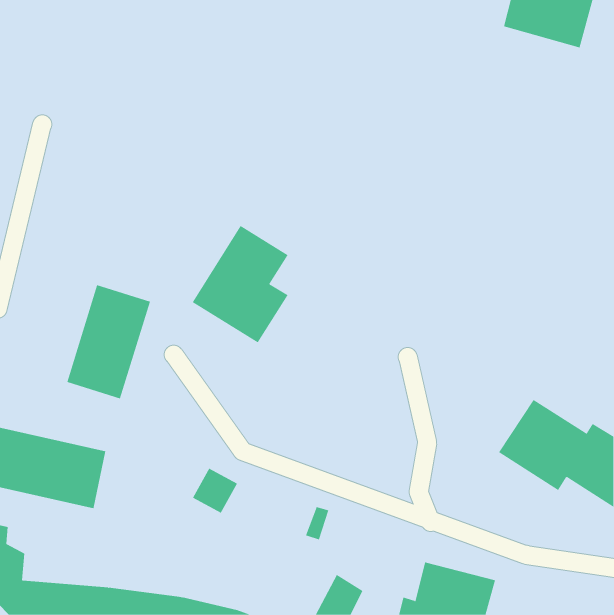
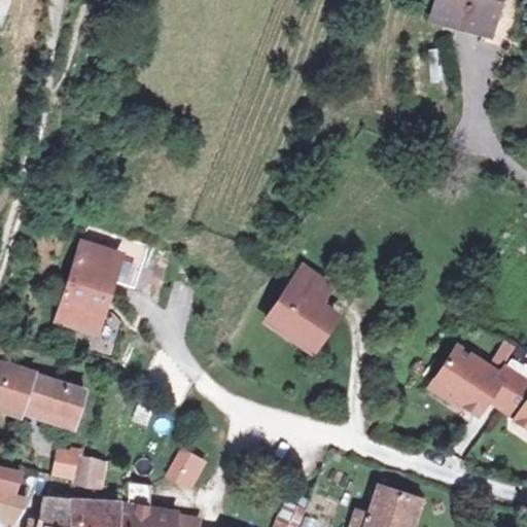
building: [192,225,288,343] -> [256,256,339,357]
building: [192,468,238,514] -> [162,449,201,488]
building: none -> [49,447,109,488]

